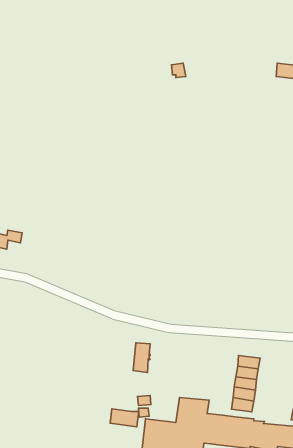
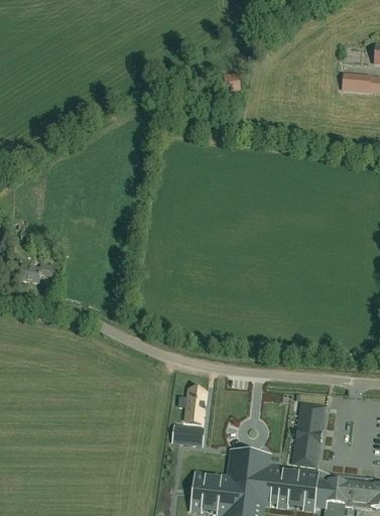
building: [110,409,139,427] -> [172,425,205,445]

